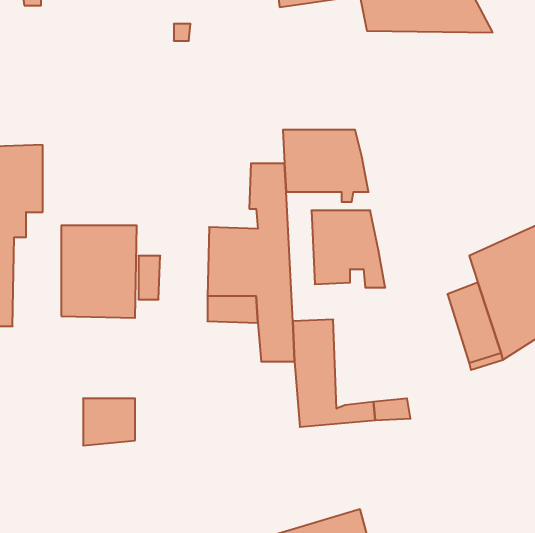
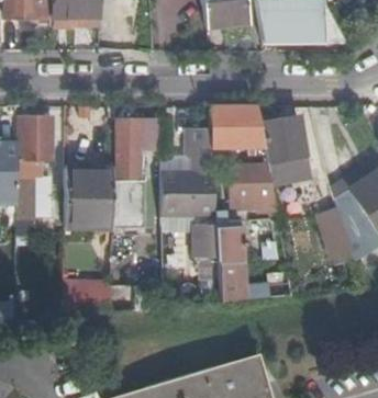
building: none -> [260,115,309,185]
building: none -> [116,118,156,177]

